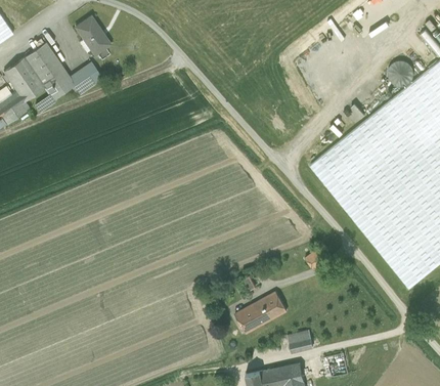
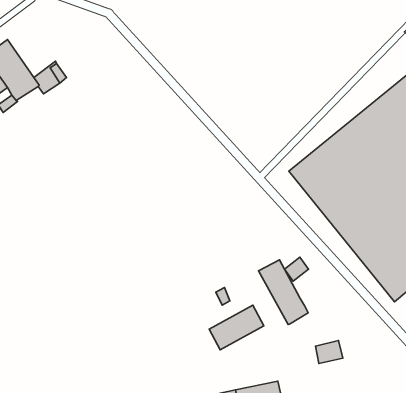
building: [76,16,111,55] -> none
building: none -> [258,260,308,325]
building: [288,331,313,352] -> [316,341,343,363]

